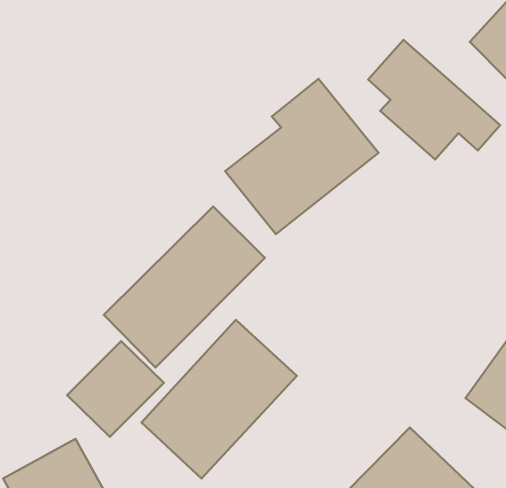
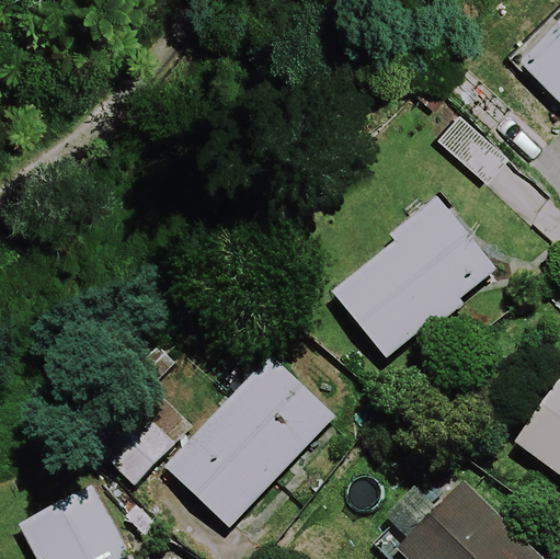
building: [225,79,379,234] -> [331,192,496,360]
building: [104,206,265,367] -> none

